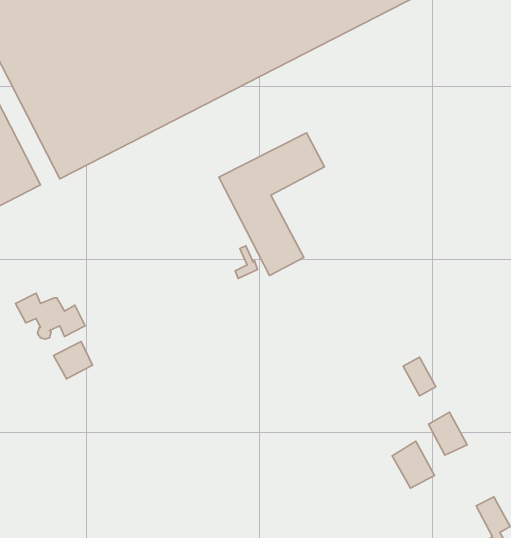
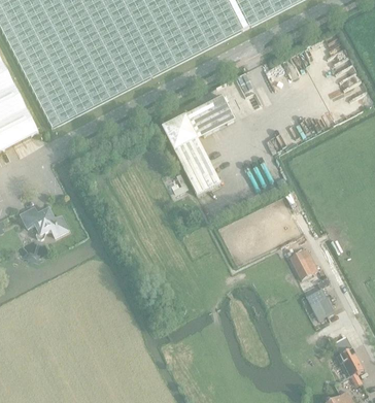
building: [53,342,92,379] -> none
building: [392,441,434,488] -> none

